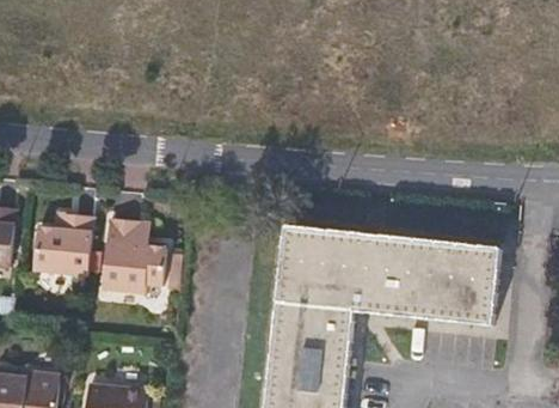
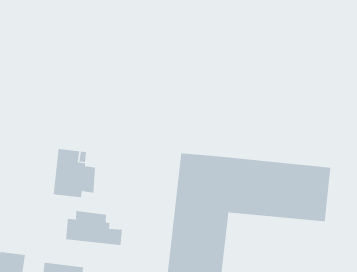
building: [33,217,93,276] -> none
building: none -> [66,210,122,246]

